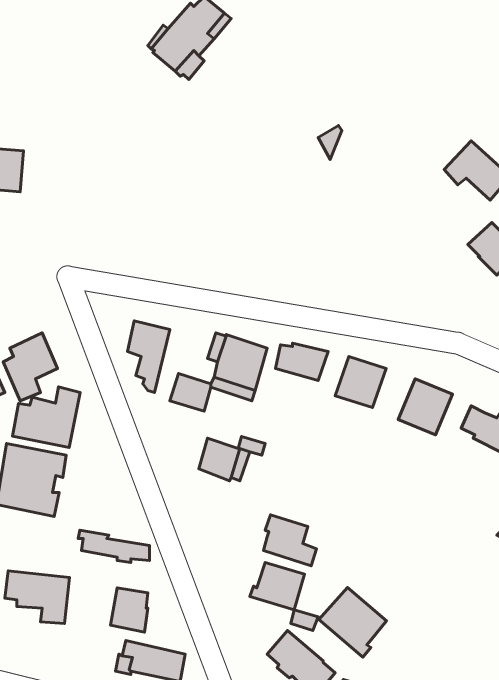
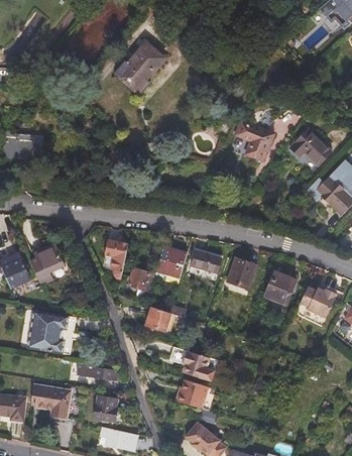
building: none -> [236,121,273,160]
building: [12,387,80,447] -> none
building: [319,587,386,657] -> none

